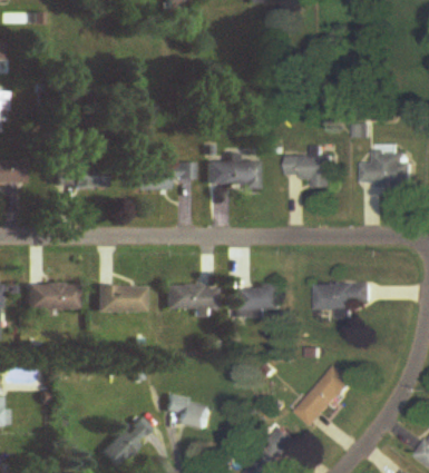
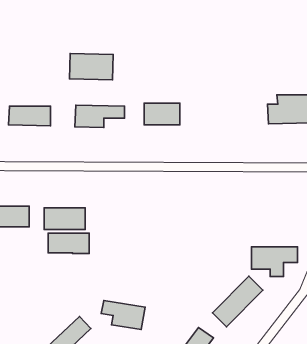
building: none -> [70,54,113,80]
building: [287,154,335,187] -> none
building: [232,283,283,314] -> none
building: [318,283,372,318] -> [252,247,297,277]
building: [165,284,214,308] -> [48,233,89,254]

